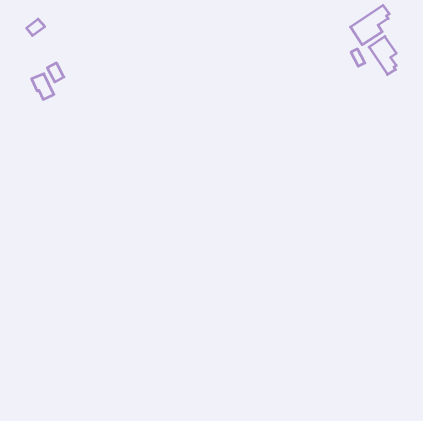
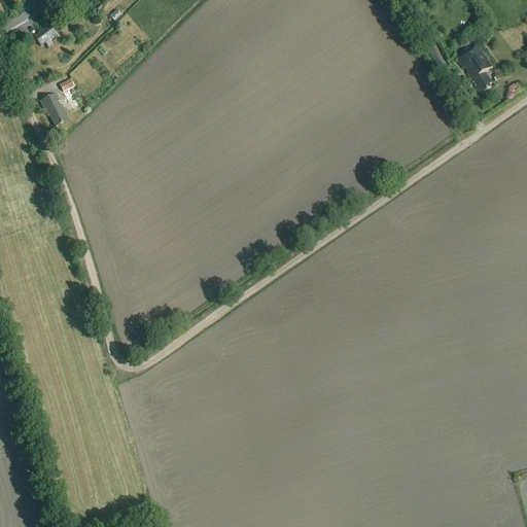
building: [350,5,389,45] -> none

